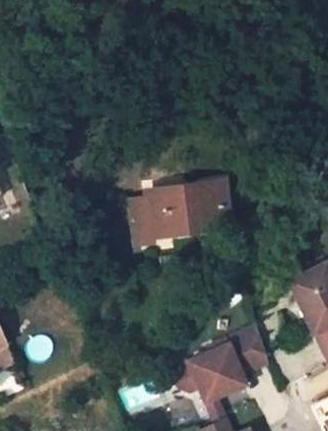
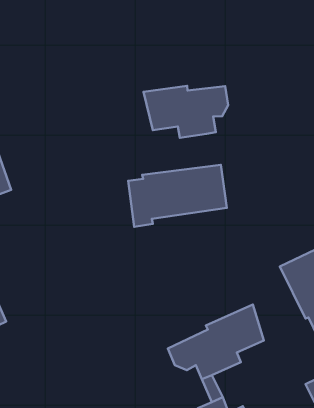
building: none -> [144,86,228,138]

